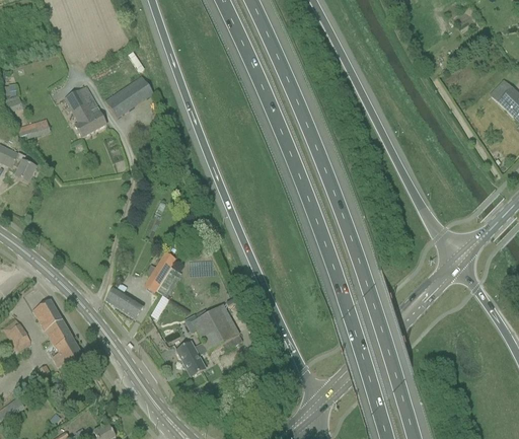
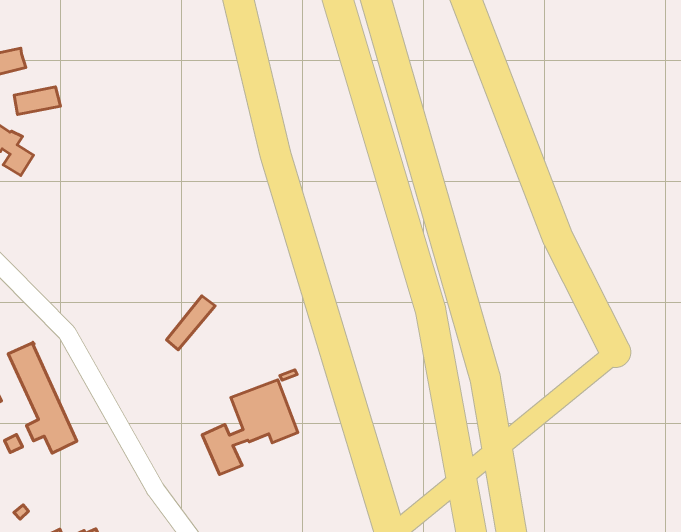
building: [105,72,153,118] -> none
building: [64,86,106,137] -> none
building: [104,286,143,318] -> none

